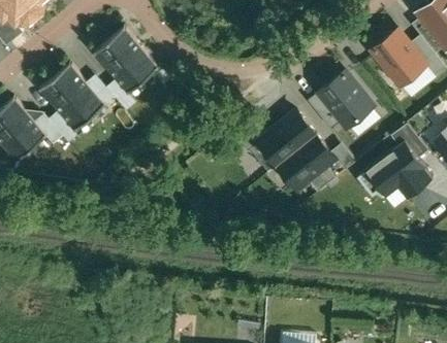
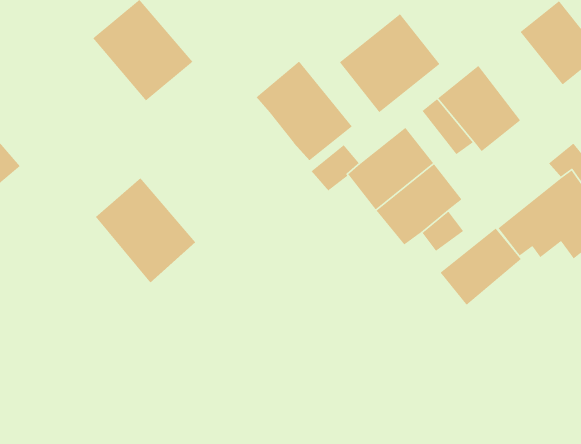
building: none -> [339,13,441,113]
building: [39,63,105,132] -> [95,177,196,283]
building: none -> [256,60,353,161]
building: none -> [439,227,522,306]

